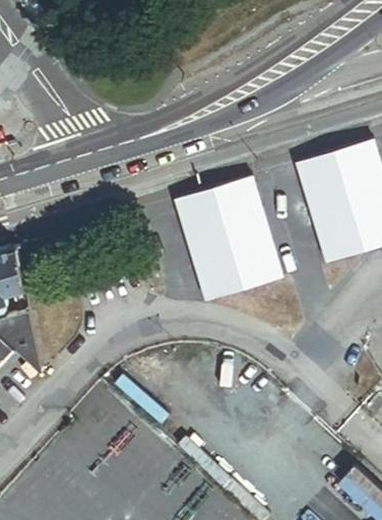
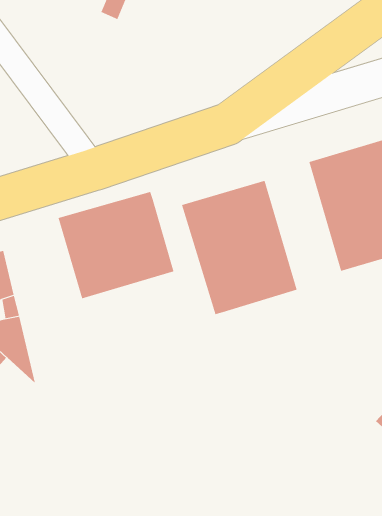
building: none -> [58,191,174,299]

